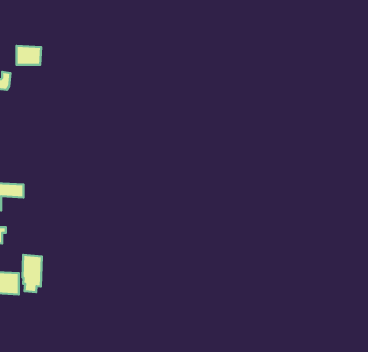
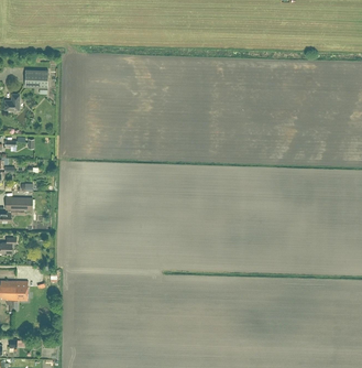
building: [22,255,42,292] -> none

